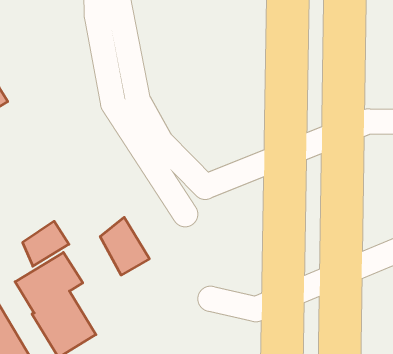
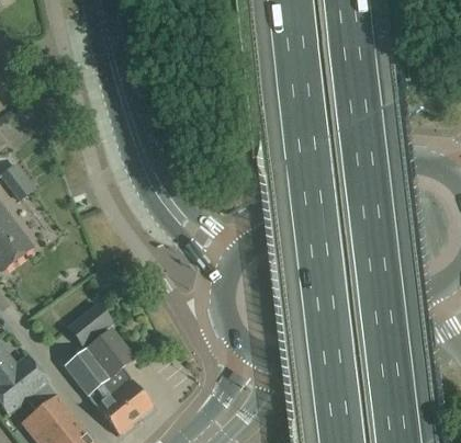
building: [100,217,149,275] -> none

